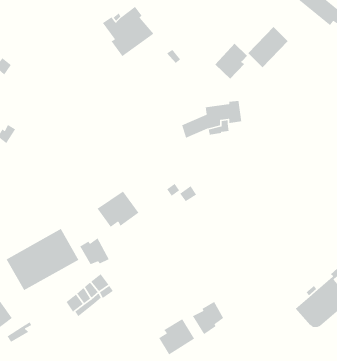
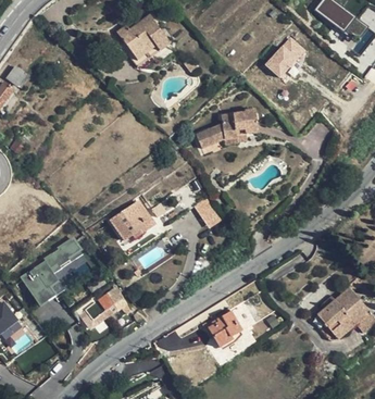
building: [215,43,248,79] -> none
building: [79,237,110,265] -> none
building: [158,318,195,355] -> none

